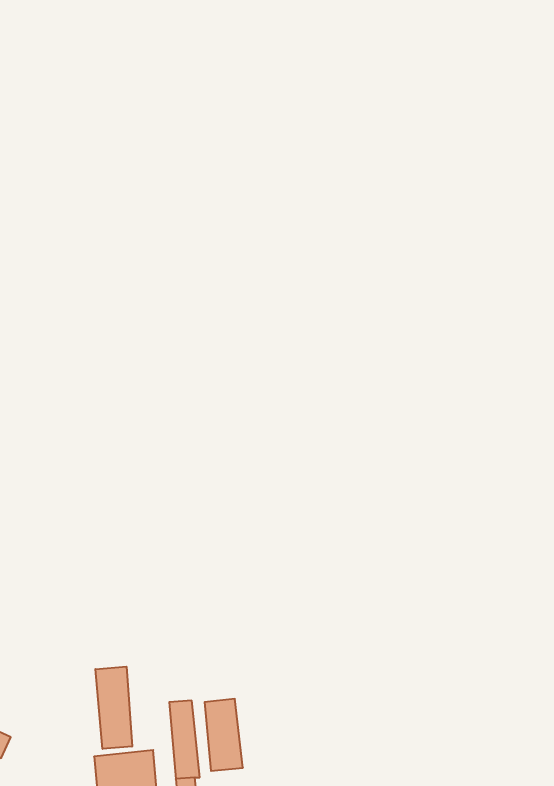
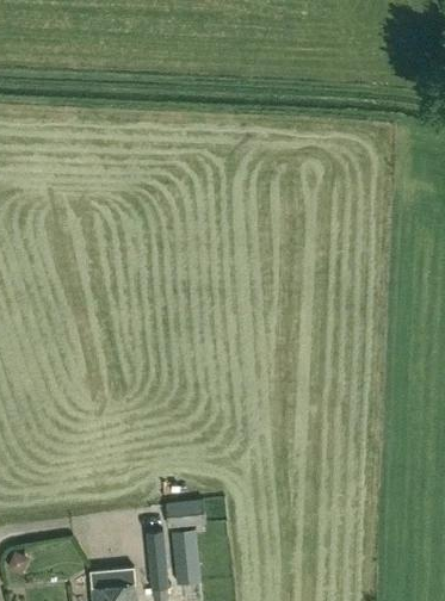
building: none -> [166,501,202,528]
building: [95,667,132,749] -> none

